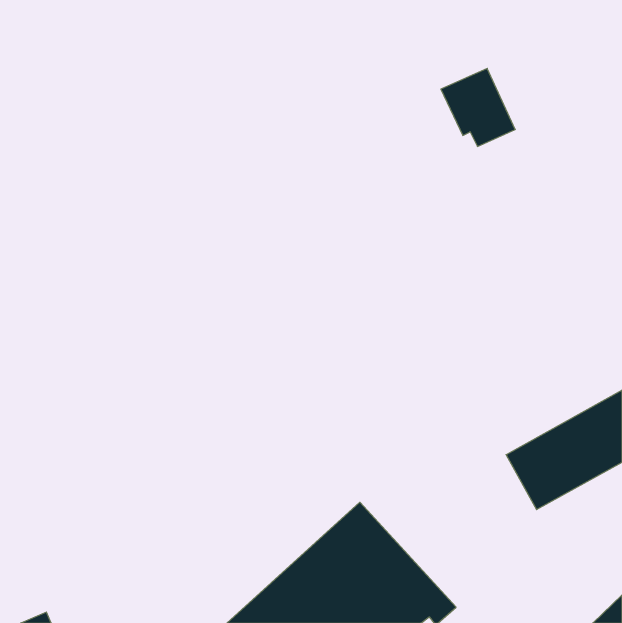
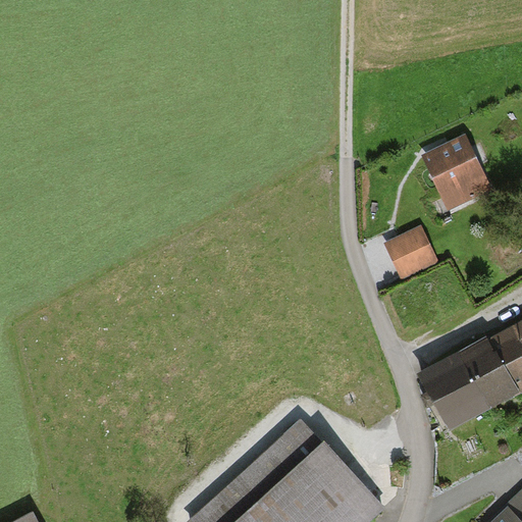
building: [441,68,515,146] -> [425,140,487,205]
building: none -> [387,230,434,275]

